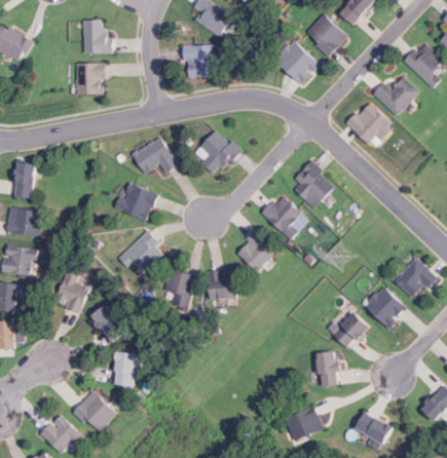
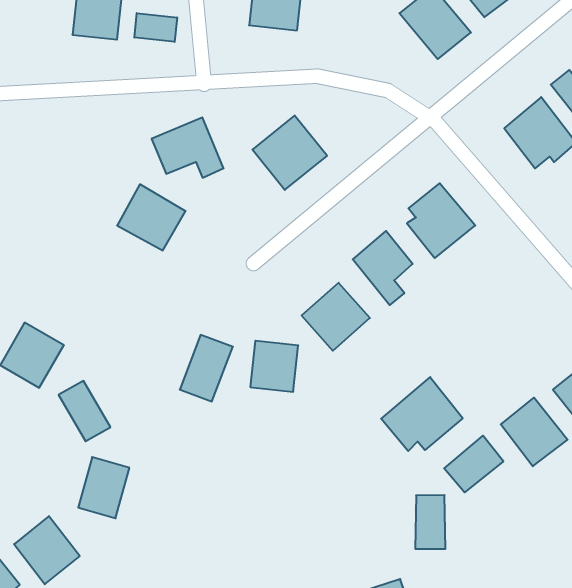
building: none -> [134,13,177,42]
building: [119,230,163,269] -> none
building: none -> [381,377,463,451]

